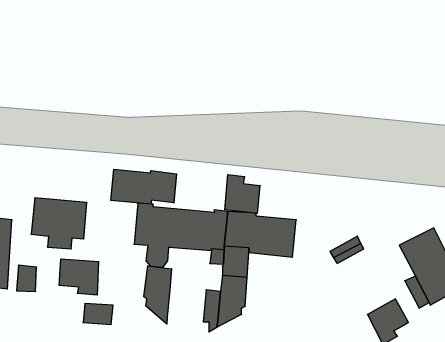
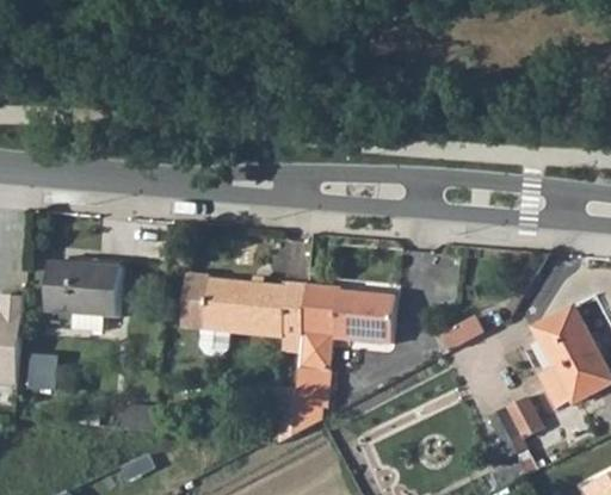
building: [111,169,177,204] -> none
building: [225,175,260,213] -> none
building: [59,259,99,295] -> none
building: [144,266,172,324] -> none

